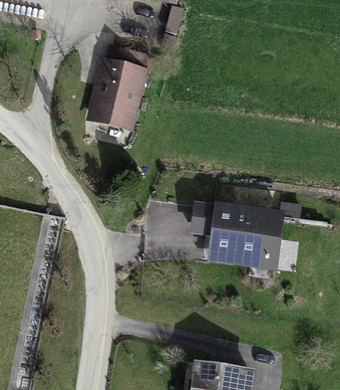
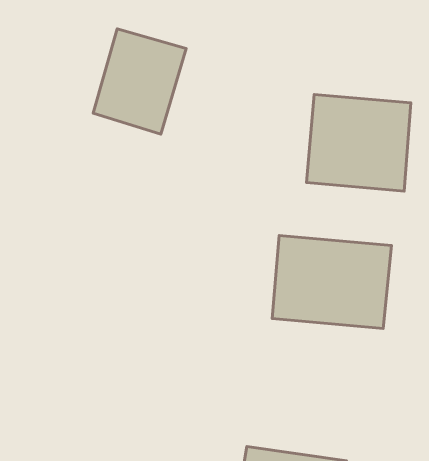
building: none -> [306,94,411,191]

